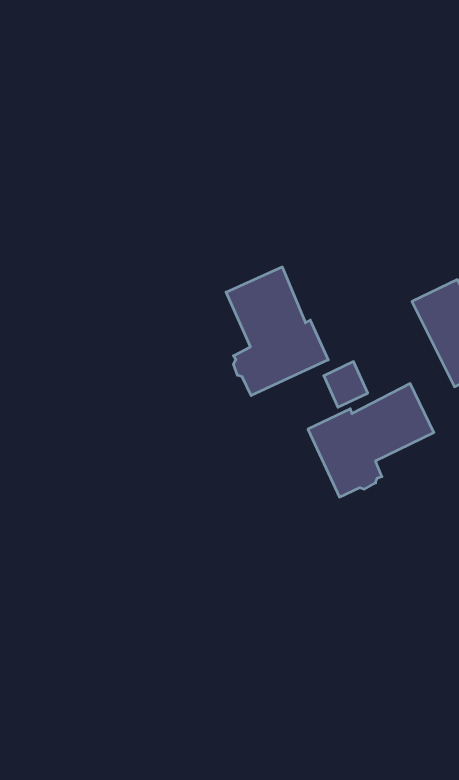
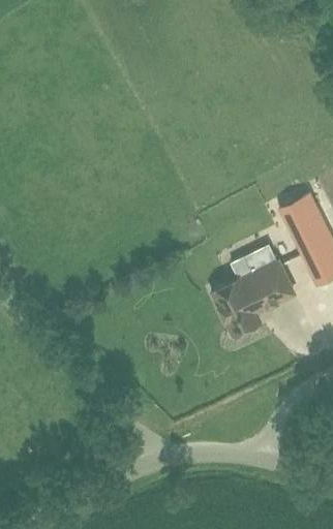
building: [226,267,328,396] -> none

